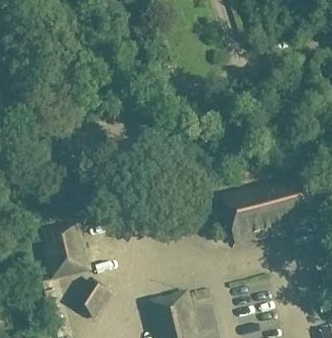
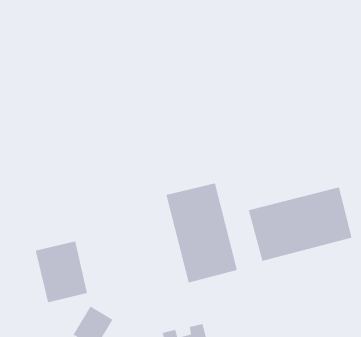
building: none -> [165,183,238,284]

